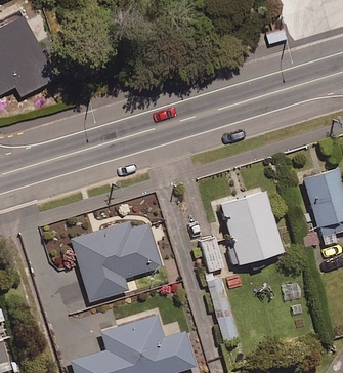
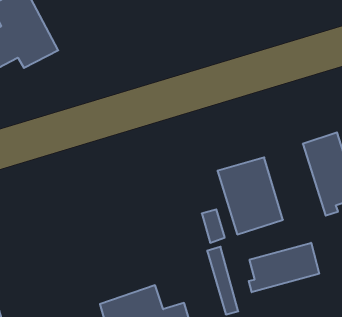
building: [70,219,161,301] -> none
building: none -> [249,243,319,292]

